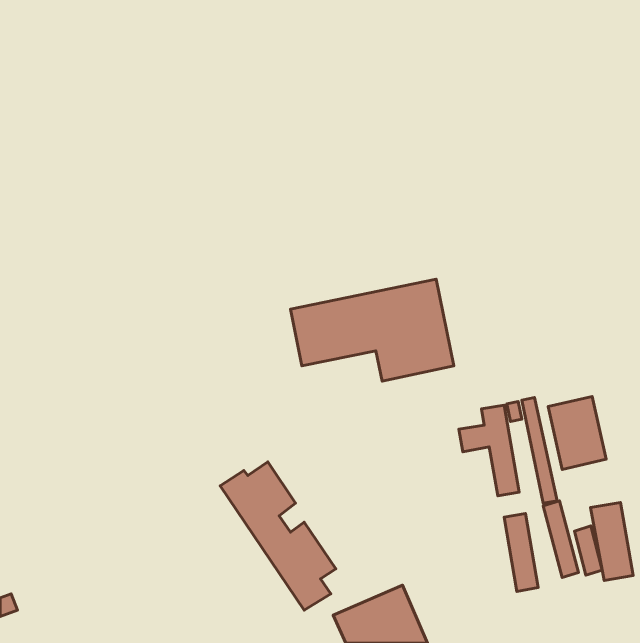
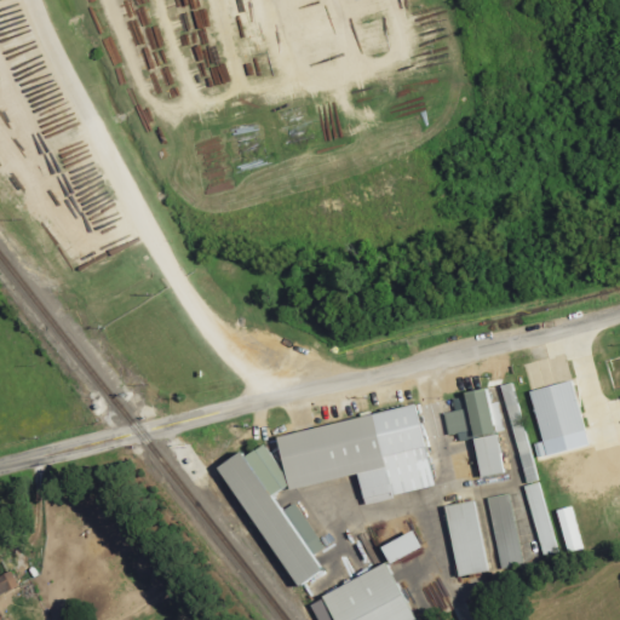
building: [290,279,454,381] -> [275,406,432,504]
building: [590,503,633,581] -> [446,501,487,576]
building: none -> [379,530,420,566]

